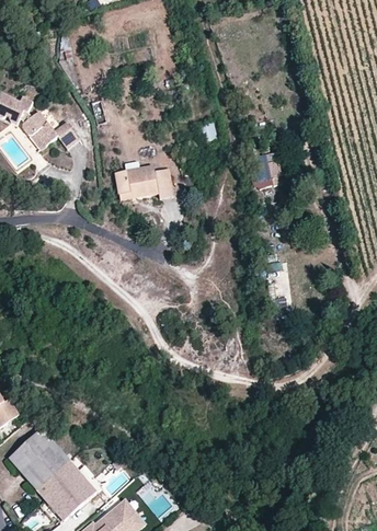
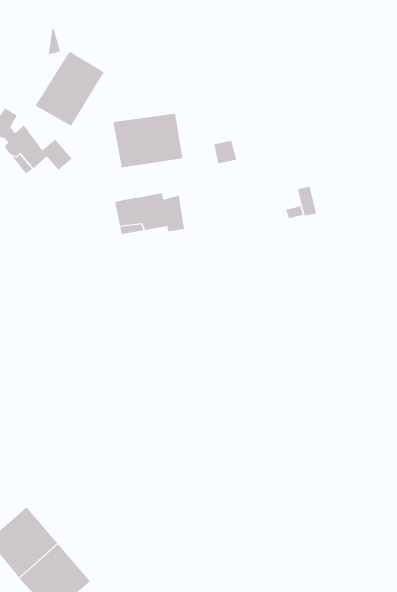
building: none -> [35,51,104,126]
building: none -> [113,113,183,168]

